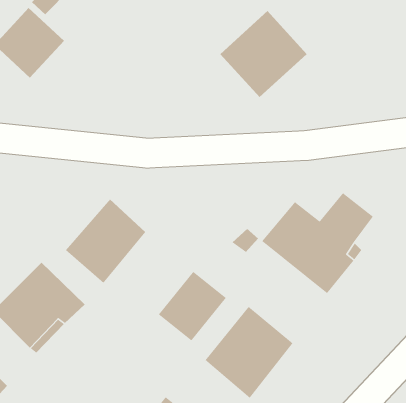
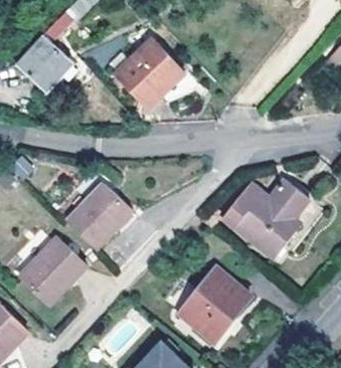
building: [219,10,307,98] -> [114,38,182,107]
building: [158,271,227,341] -> none

